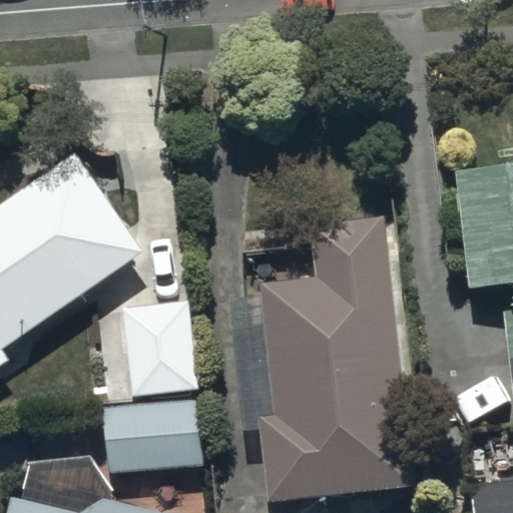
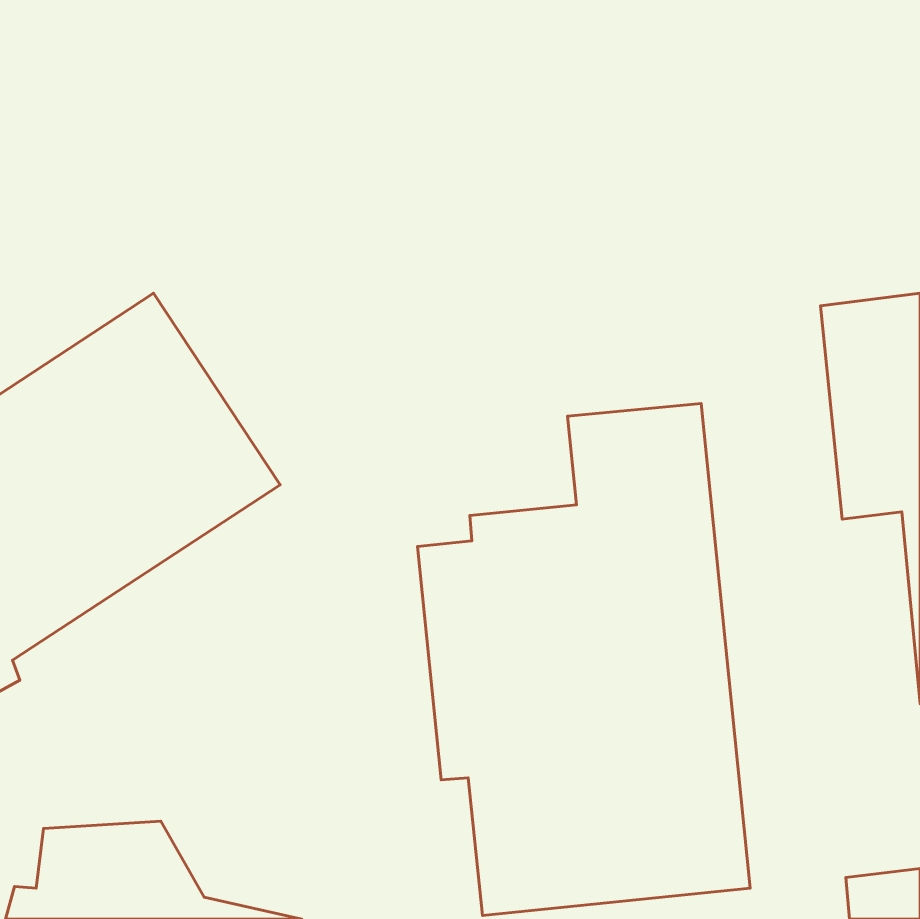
building: [120,300,195,391] -> none
building: [102,396,205,475] -> none

